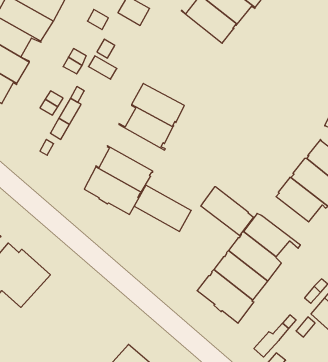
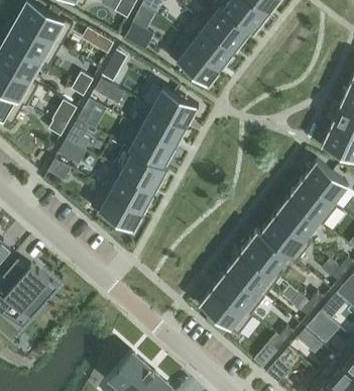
building: none -> [169,36,223,87]
building: none -> [147,87,199,127]
building: [134,185,191,231] -> [113,145,167,190]
building: [201,187,253,235] -> [260,214,311,261]

